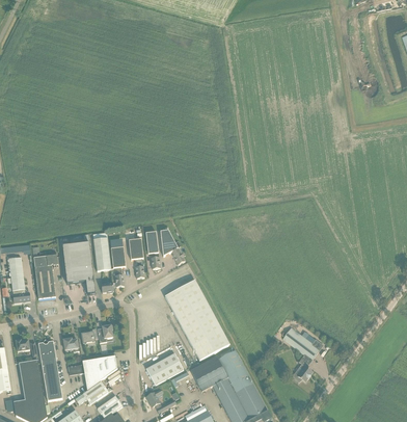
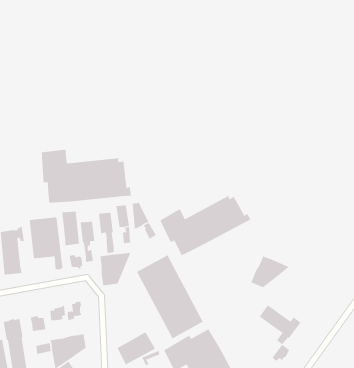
building: none -> [41,149,131,203]
building: none -> [159,195,251,256]
building: none -> [100,252,131,286]
building: none -> [251,255,290,288]

